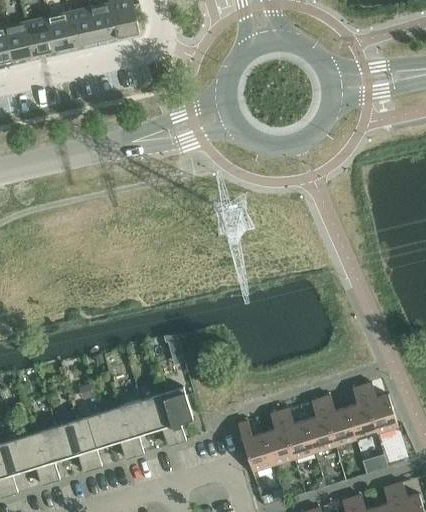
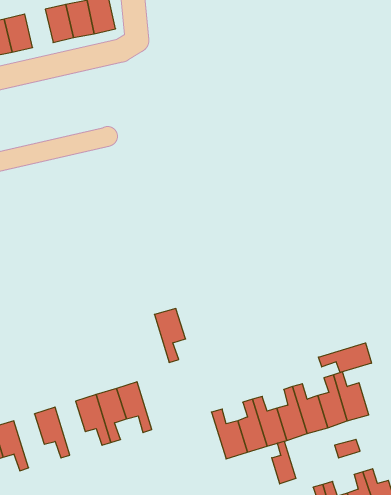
building: [46,12,75,51] -> none
building: none -> [318,343,371,373]
building: [161,387,193,442] -> [154,309,186,362]
building: [77,413,108,468] -> none
building: [35,426,66,481] -> none
building: none -> [272,441,296,484]

